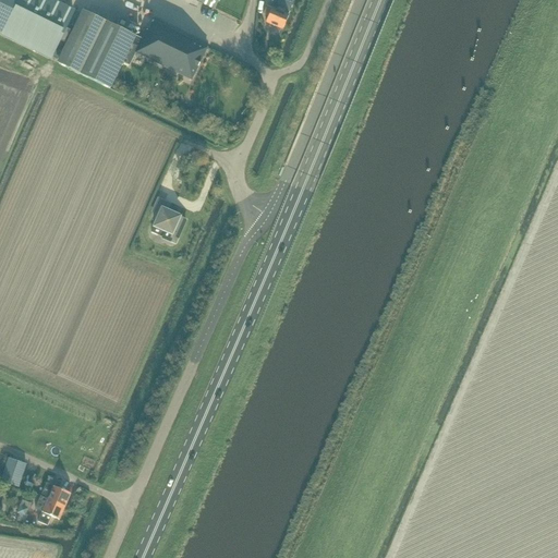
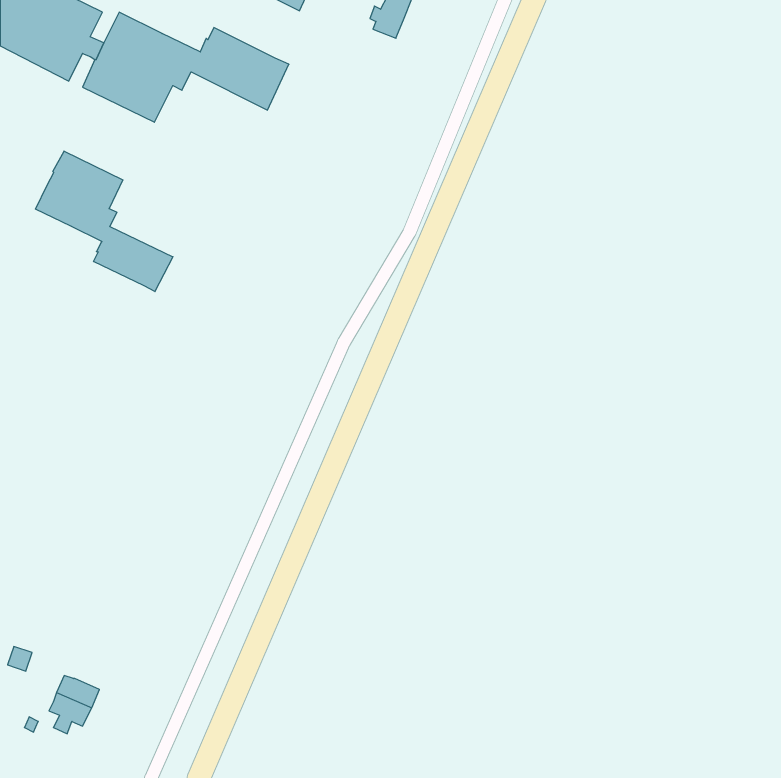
building: none -> [36,151,173,292]
building: [153,198,185,241] -> none

